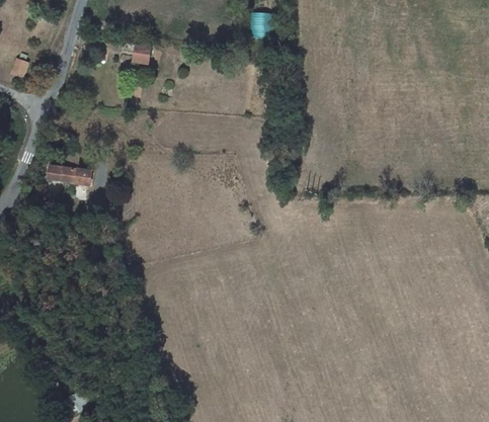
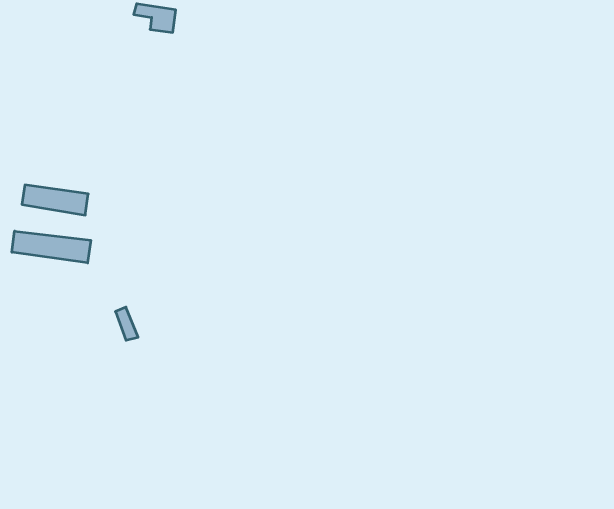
building: none -> [12,231,91,263]

